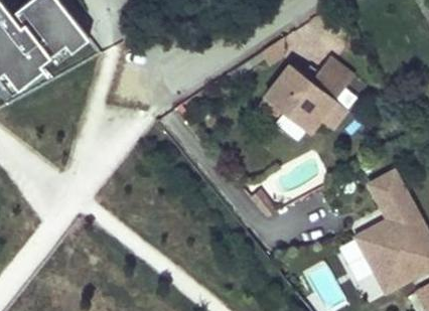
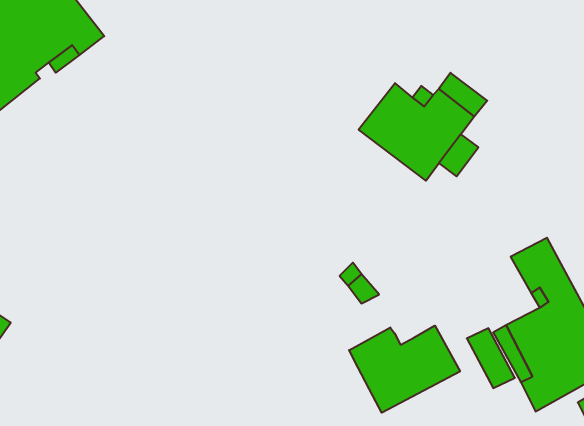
building: none -> [349,326,460,413]

